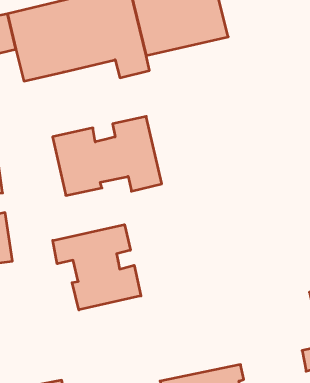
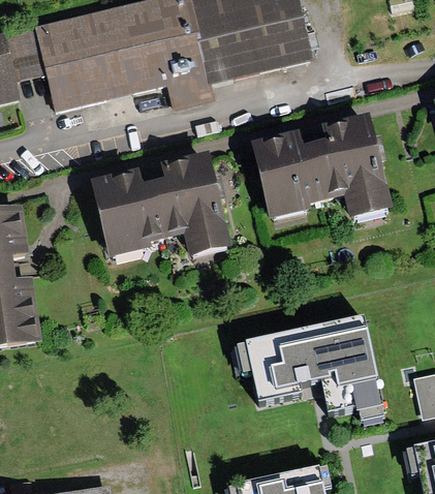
building: none -> [252,114,392,216]
building: [53,225,141,310] -> none
building: none -> [248,317,383,413]

